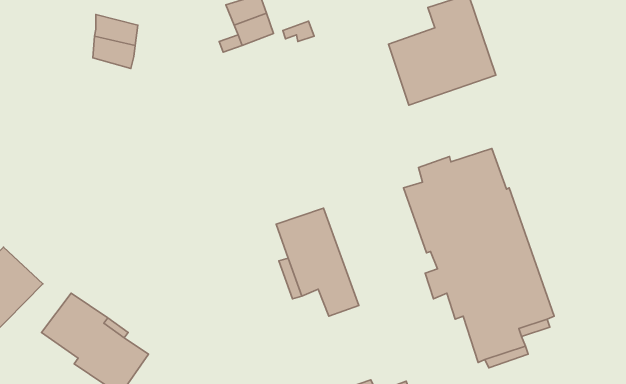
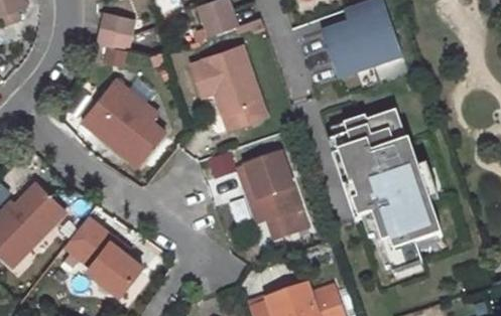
building: none -> [192,43,266,128]
building: none -> [86,84,169,171]

